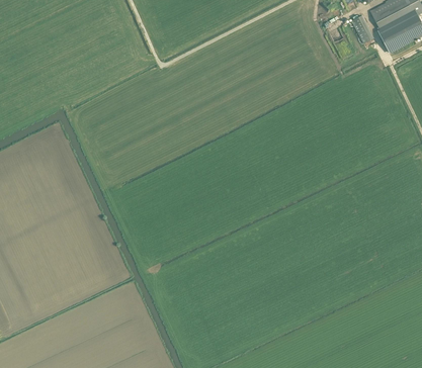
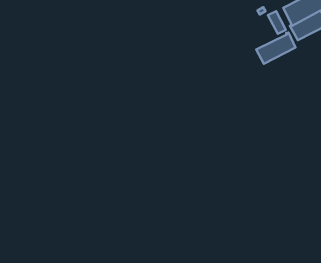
building: none -> [256,32,296,64]

